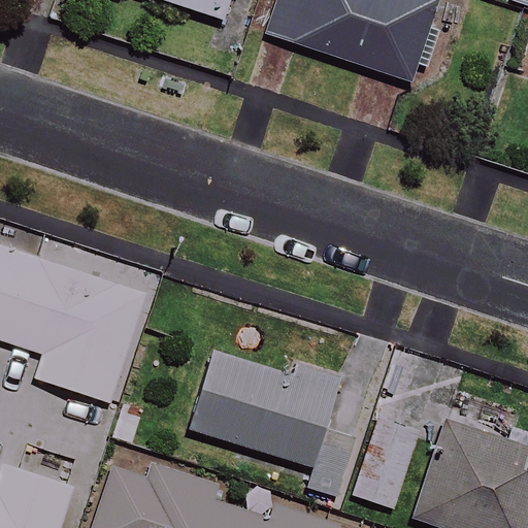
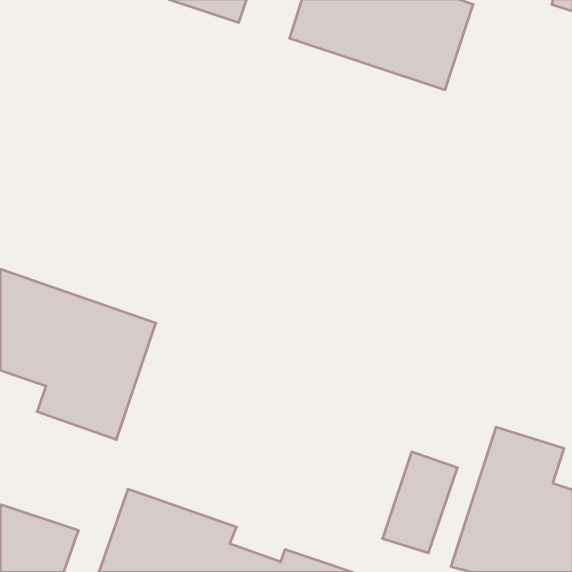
building: [189,351,353,497] -> none

